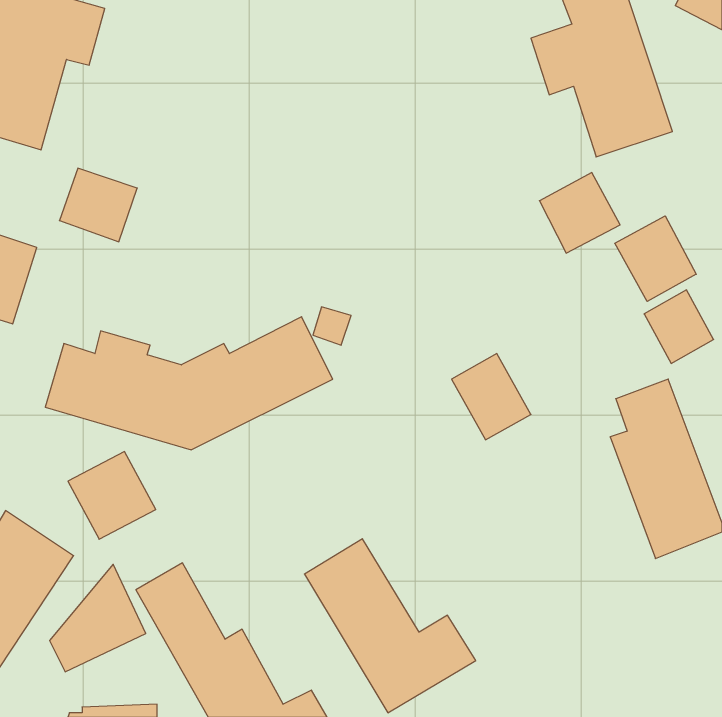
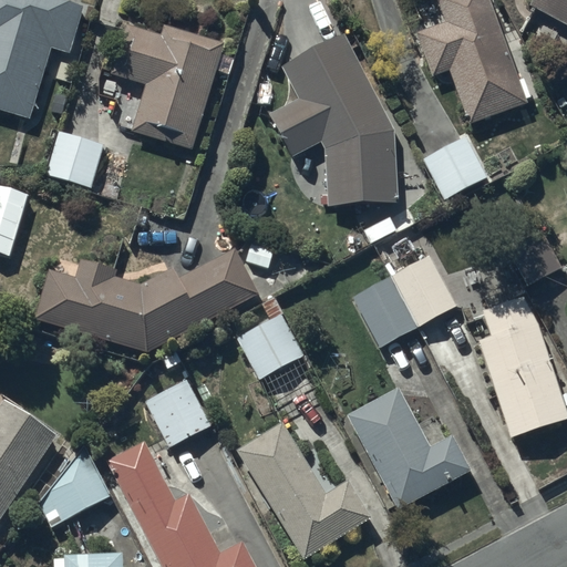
building: none -> [113,23,225,148]
building: none -> [270,34,395,205]
building: [615,216,696,301] -> none
building: none -> [389,256,454,324]
building: none -> [238,312,305,379]
building: [68,452,156,539] -> [143,379,212,447]
building: none -> [350,392,471,508]

